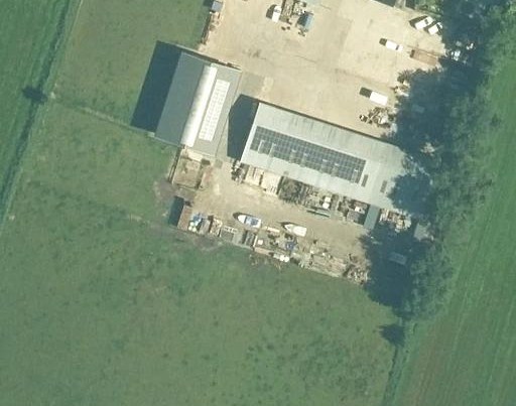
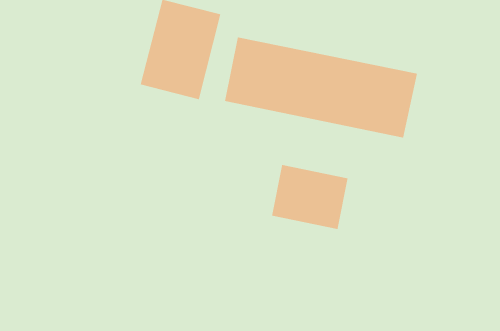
building: none -> [271,164,348,230]

